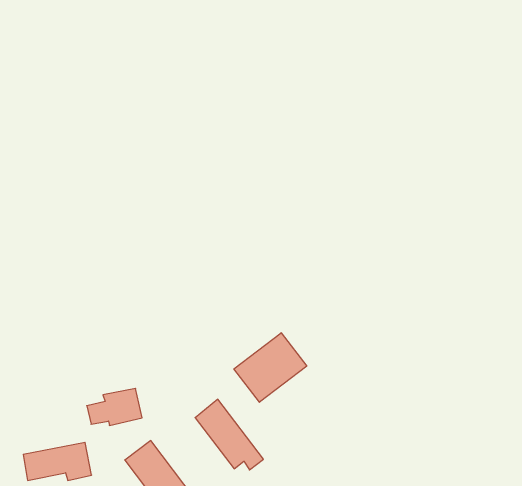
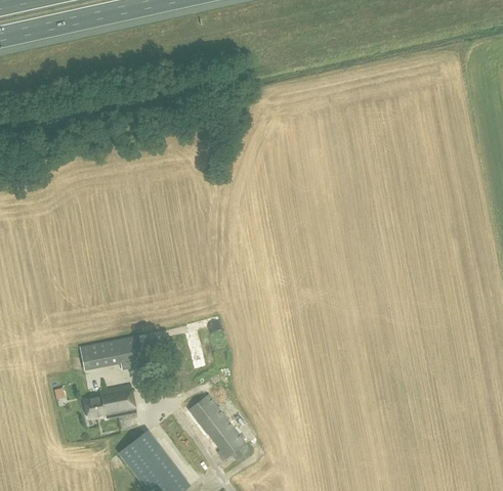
building: [234,333,307,402] -> none
building: [23,442,92,480] -> [80,334,144,370]

